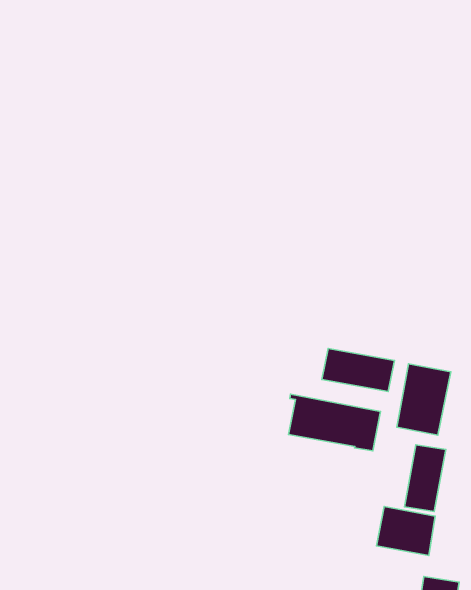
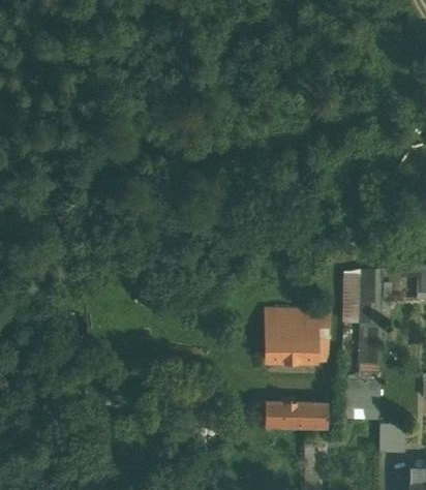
building: [322,349,394,391] -> [266,338,315,362]
building: none -> [265,401,328,428]

